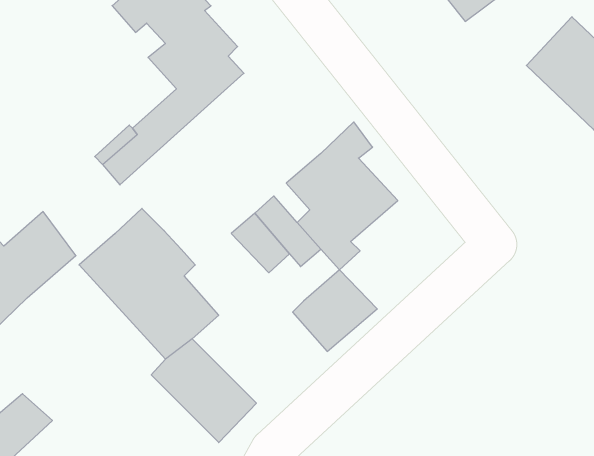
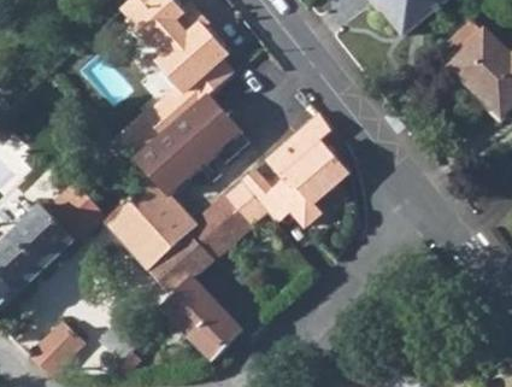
building: none -> [137,95,242,195]
building: [293,270,377,351] -> [187,198,252,260]

